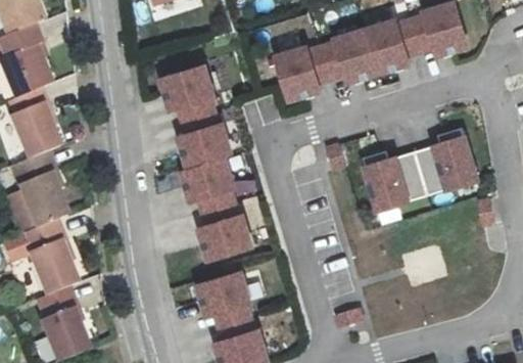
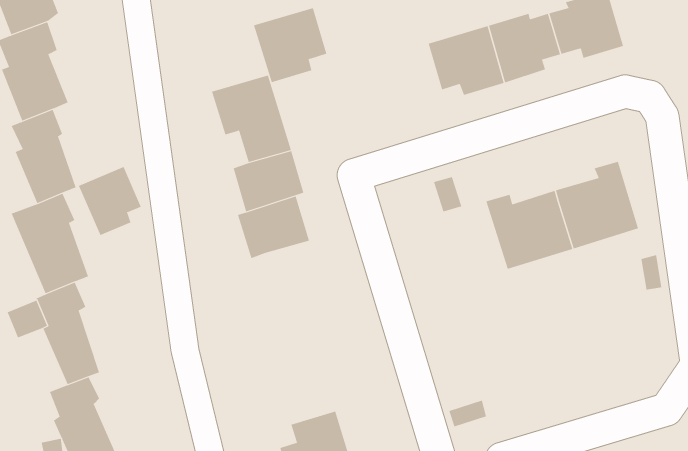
building: [276,42,331,98] -> [253,7,327,83]
building: none -> [78,166,141,236]
building: [196,189,250,259] -> none
building: [193,273,252,326] -> none

